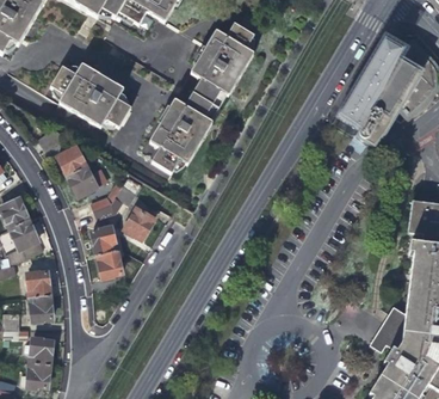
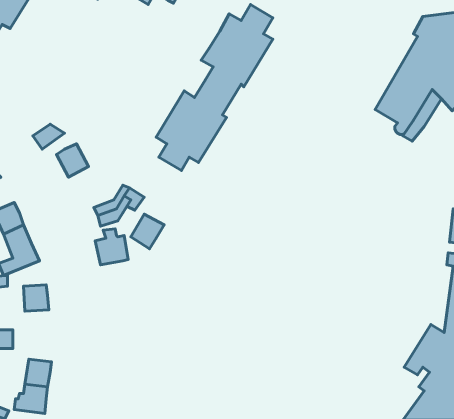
building: [47,65,128,129] -> none
building: [68,164,106,198] -> none
building: [94,253,122,281] -> none
building: [29,297,51,323] -> none

